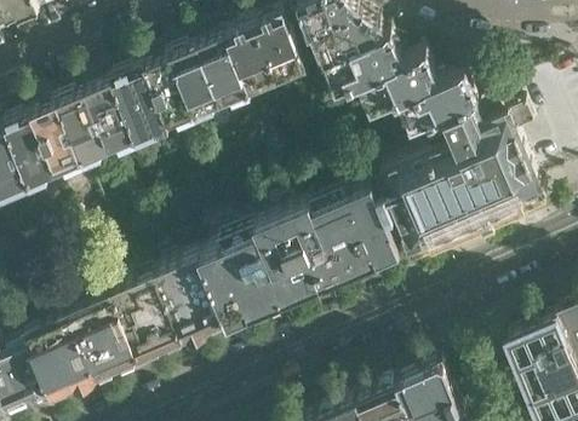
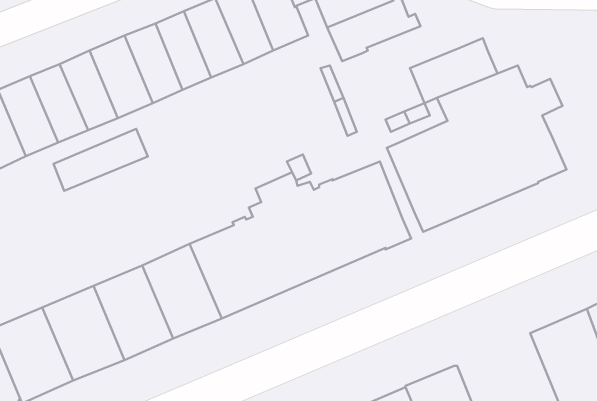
building: [359,54,442,113] -> none
building: none -> [54,129,148,191]

